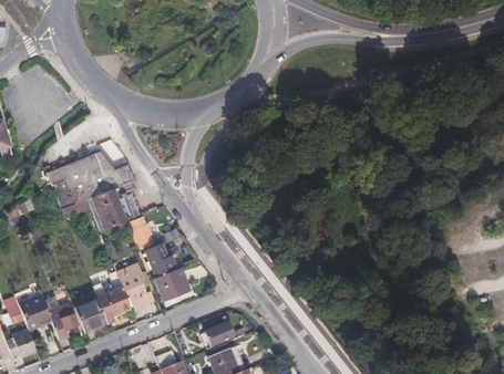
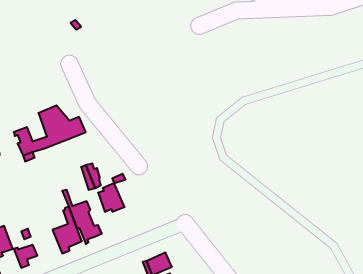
building: [88,180,136,229] -> none
building: [155,268,187,301] -> none
building: [74,298,107,331] -> none

